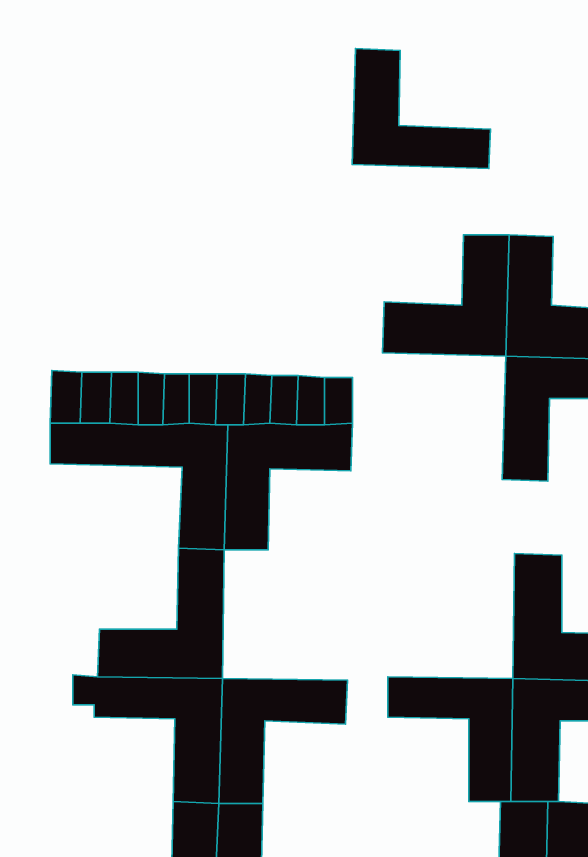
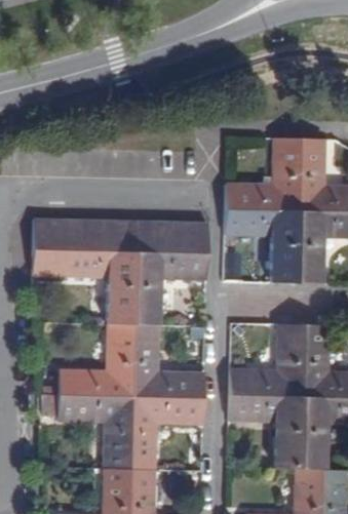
building: [352,49,491,168] -> none
building: none -> [225,209,297,283]
building: none -> [131,324,204,400]
building: none -> [228,325,302,399]

